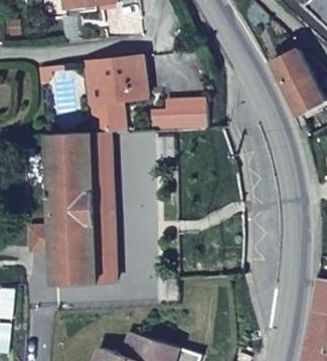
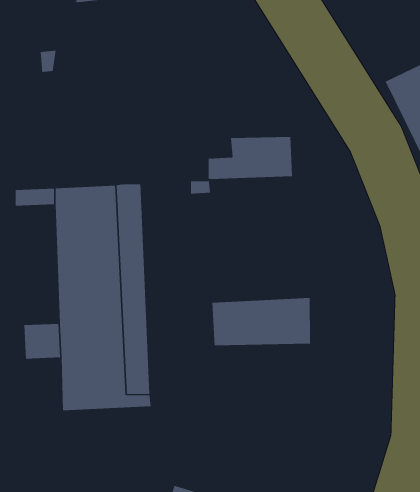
building: [85,55,148,130] -> none
building: none -> [212,297,311,346]

